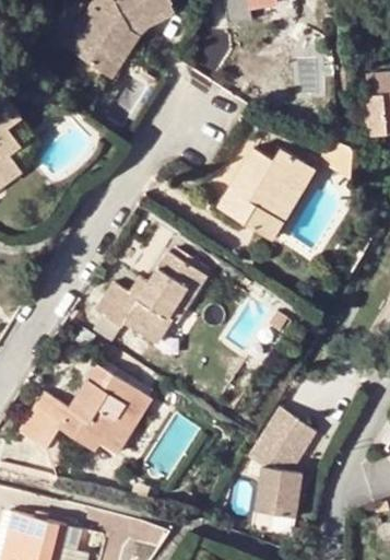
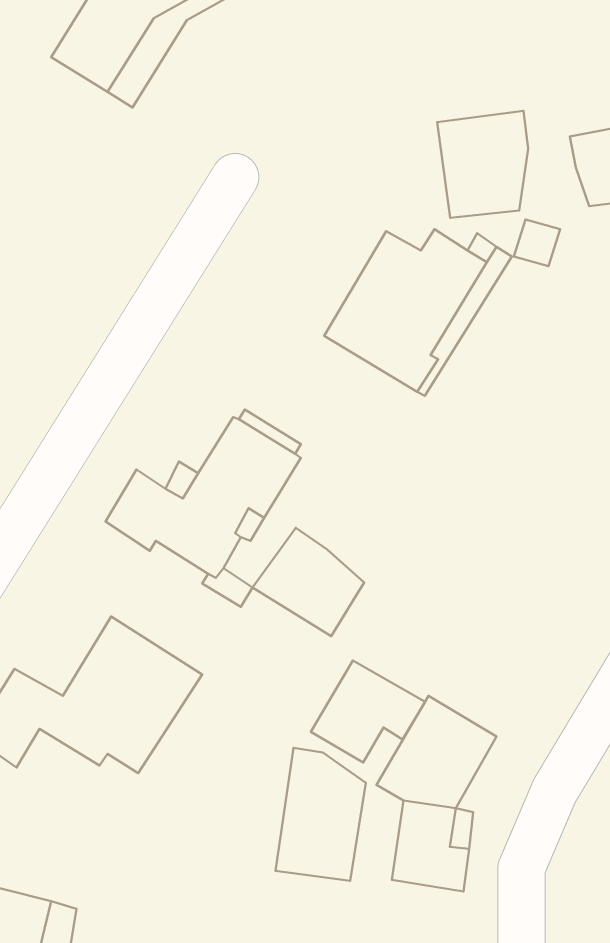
building: none -> [437,111,528,218]
building: none -> [253,528,364,636]
building: none -> [311,661,425,762]
building: none -> [276,748,366,881]

